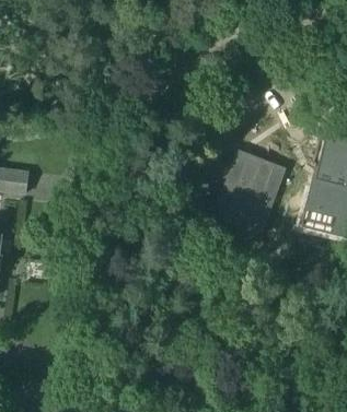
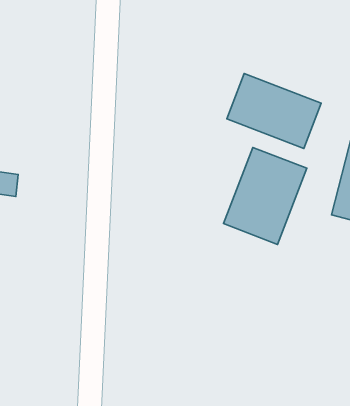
building: none -> [227,74,321,149]

